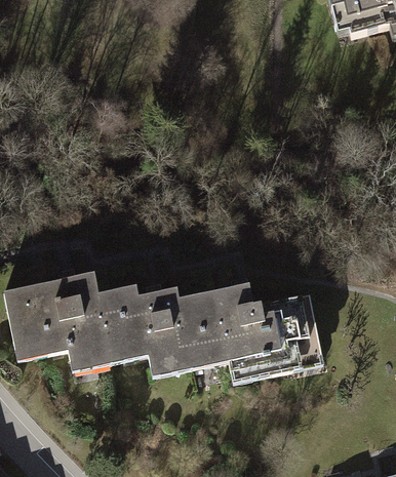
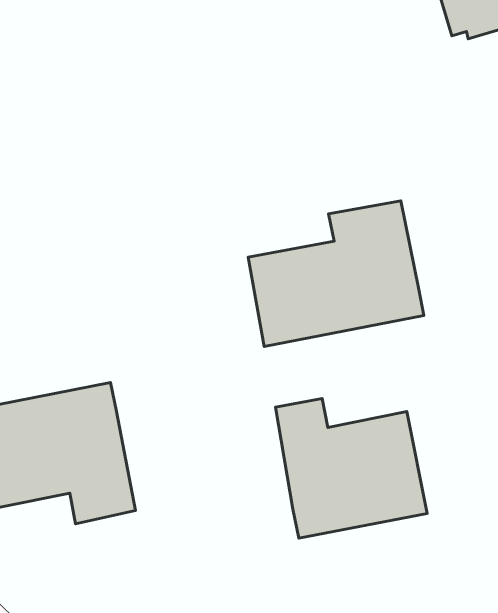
building: none -> [248,201,424,346]
building: [103,285,227,375] -> none

